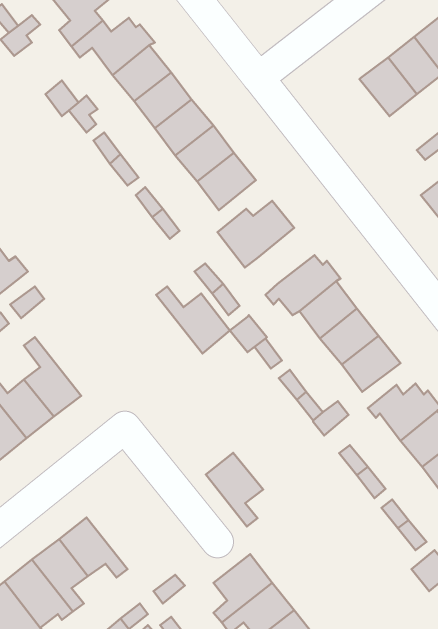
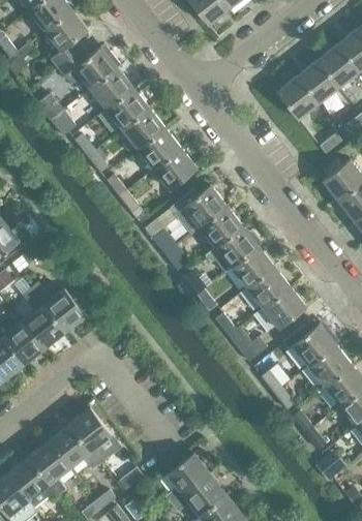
building: none -> [199,206,242,248]
building: [156,287,230,354] -> [30,282,86,333]
building: [206,453,263,526] -> [69,408,113,464]

